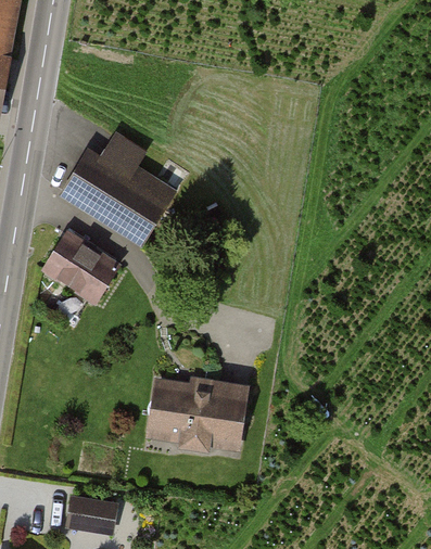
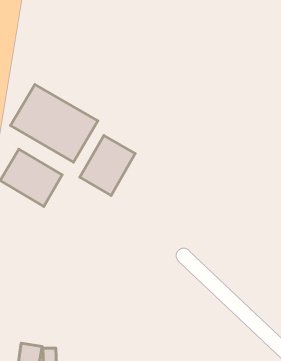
building: none -> [80,135,135,195]
building: [153,383,241,450] -> none

